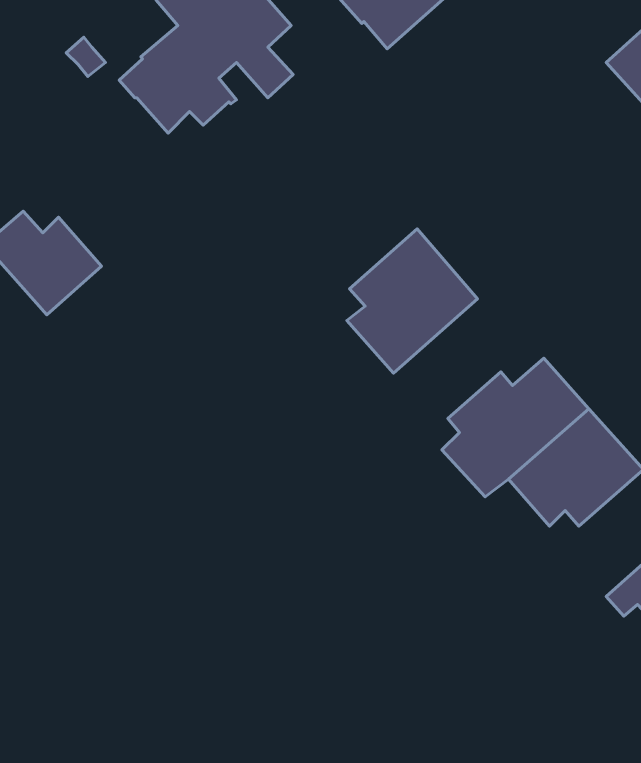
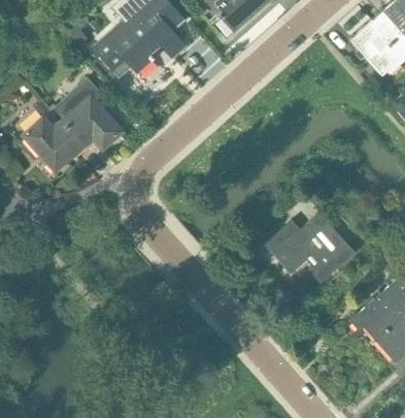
building: none -> [54,78,123,151]
building: [347,229,477,373] -> none

